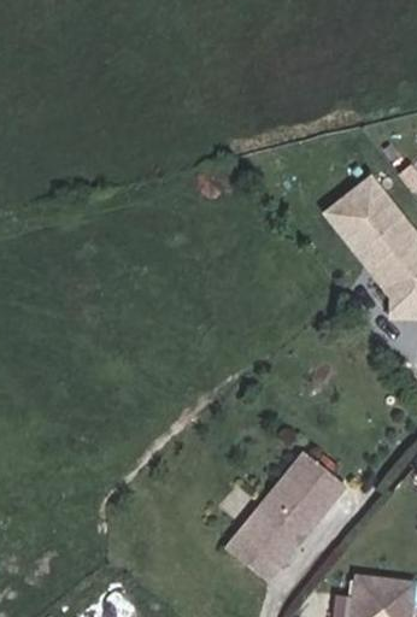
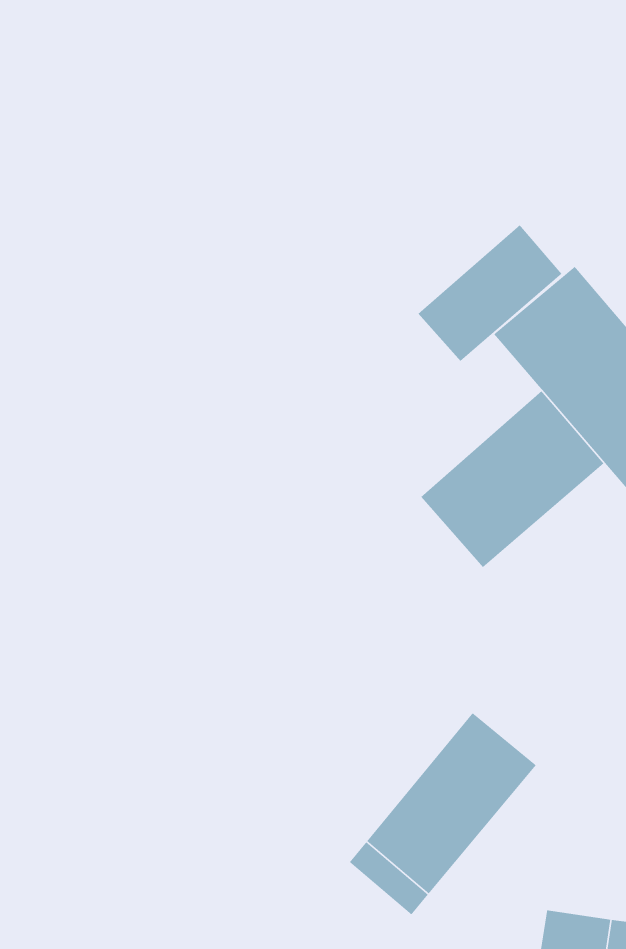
building: none -> [418,224,563,362]
building: none -> [420,390,605,568]

